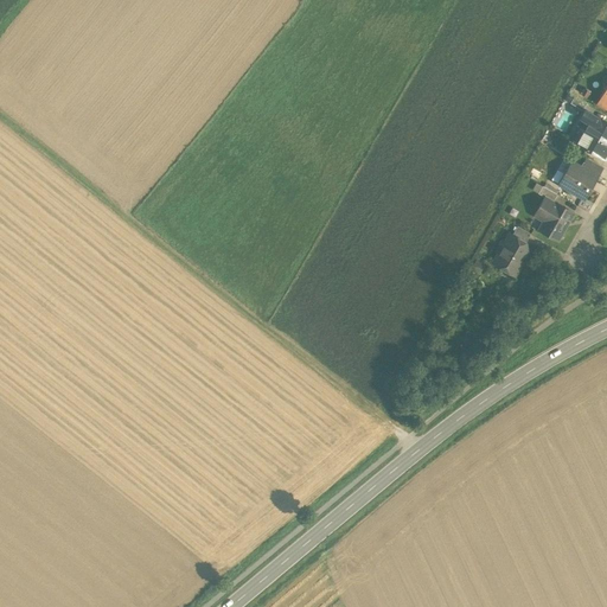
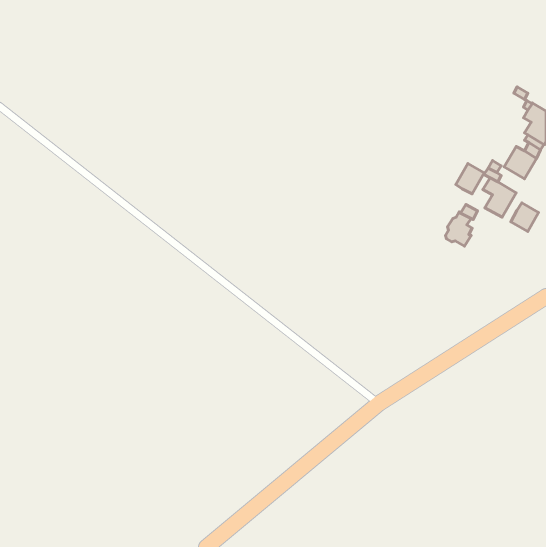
building: none -> [456,163,484,194]
building: none -> [511,203,539,231]

